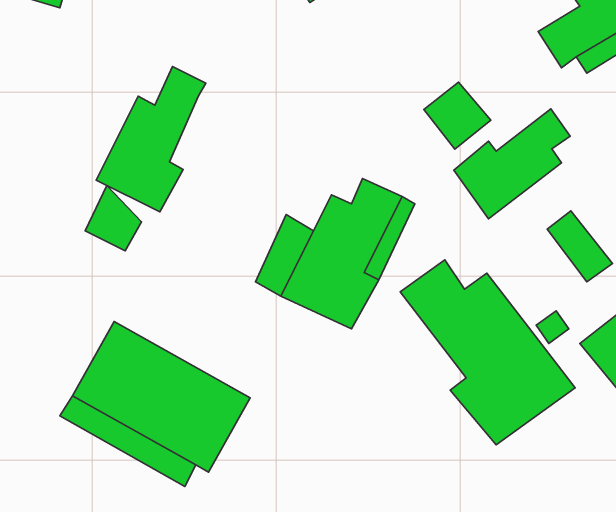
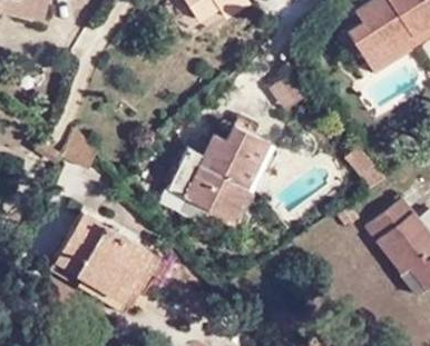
building: [96,67,206,212] -> none
building: [454,109,570,219] -> none
building: [400,260,575,445] -> none

